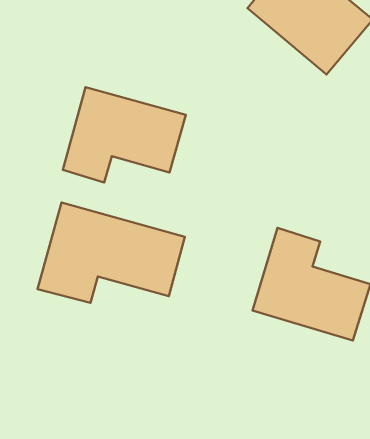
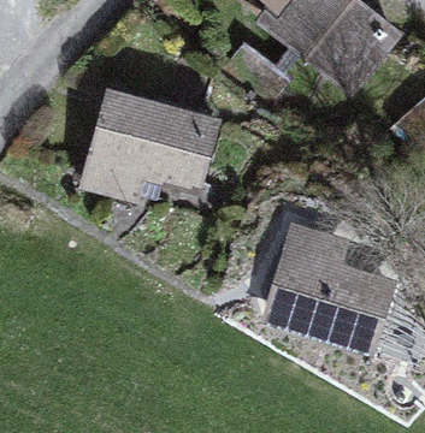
building: [38,203,185,303] -> none

